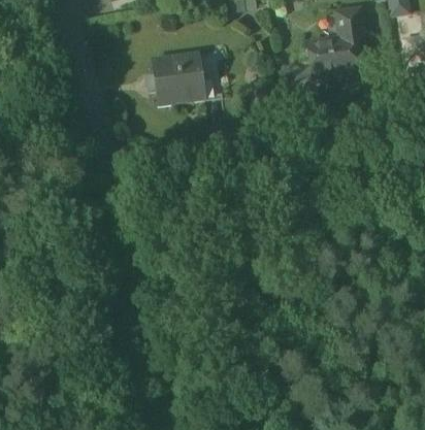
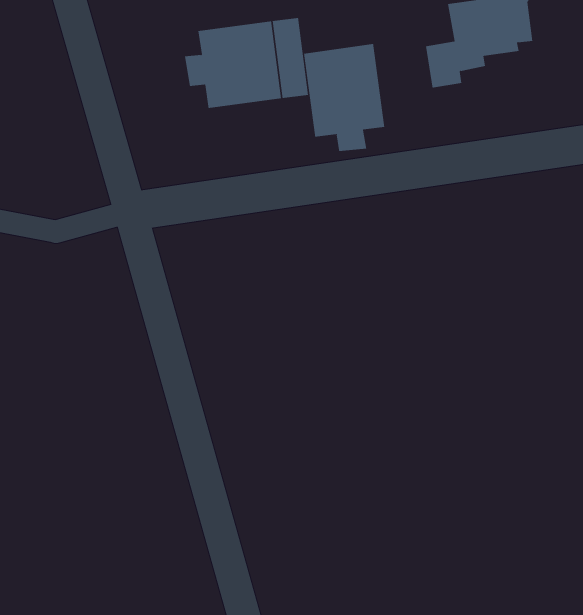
building: none -> [303,43,385,152]

